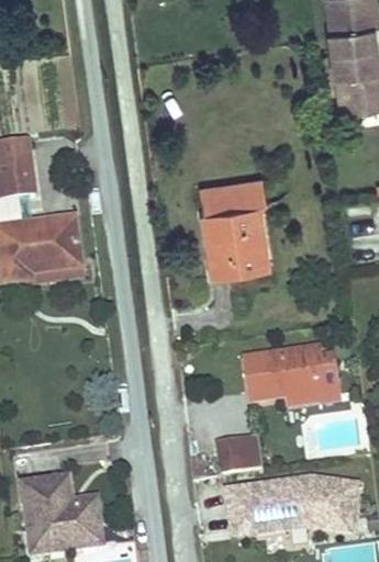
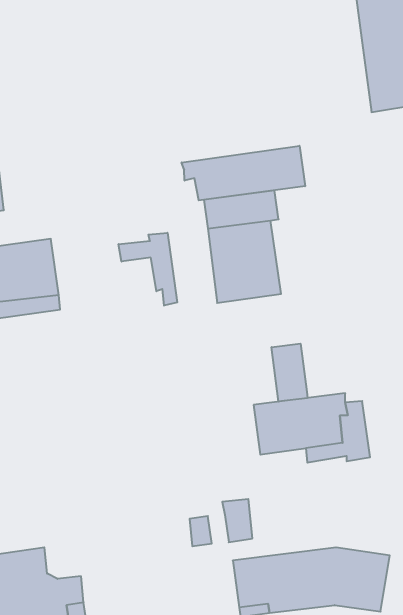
building: none -> [182,146,305,200]
building: none -> [119,233,177,306]
building: none -> [272,344,307,402]

